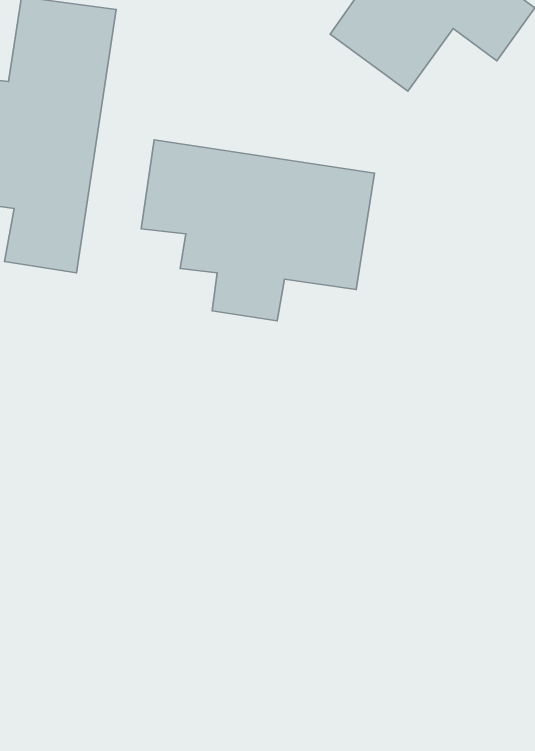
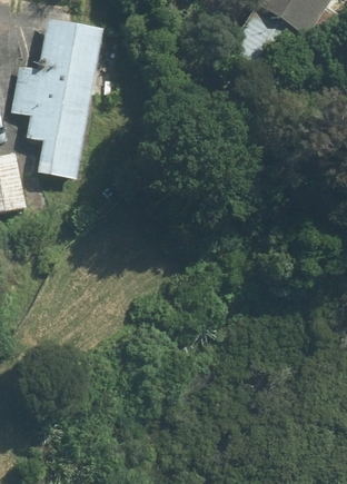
building: [141,140,375,321] -> none

